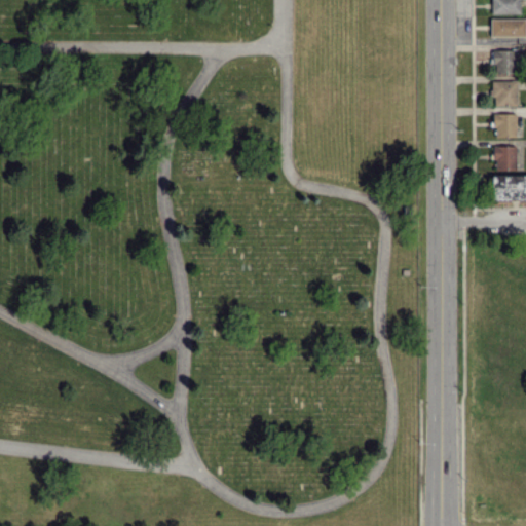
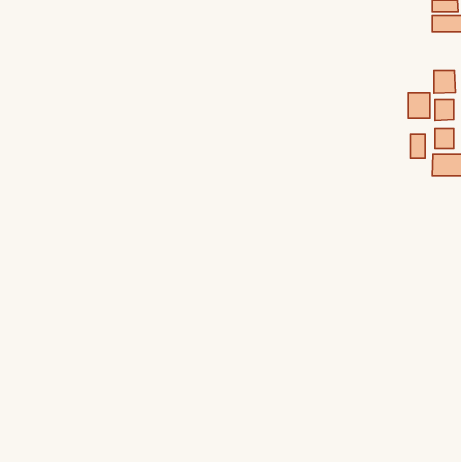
building: [494,50,517,75] -> none
building: none -> [408,93,430,118]
building: none -> [410,134,425,158]

